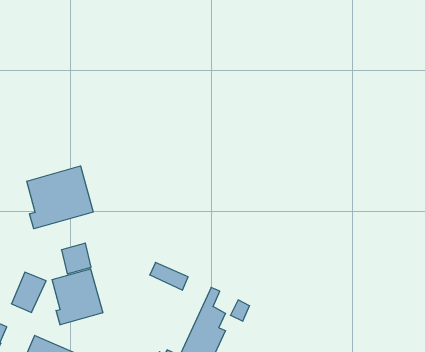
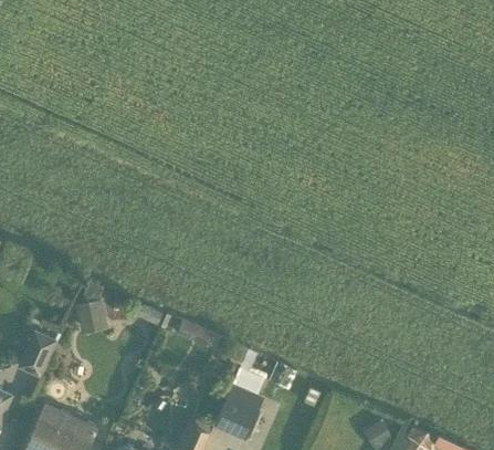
building: [27,166,93,229] -> none
building: [52,269,103,325] -> none

